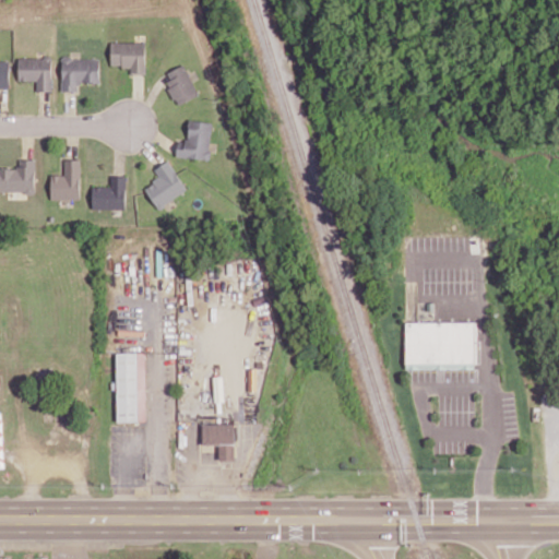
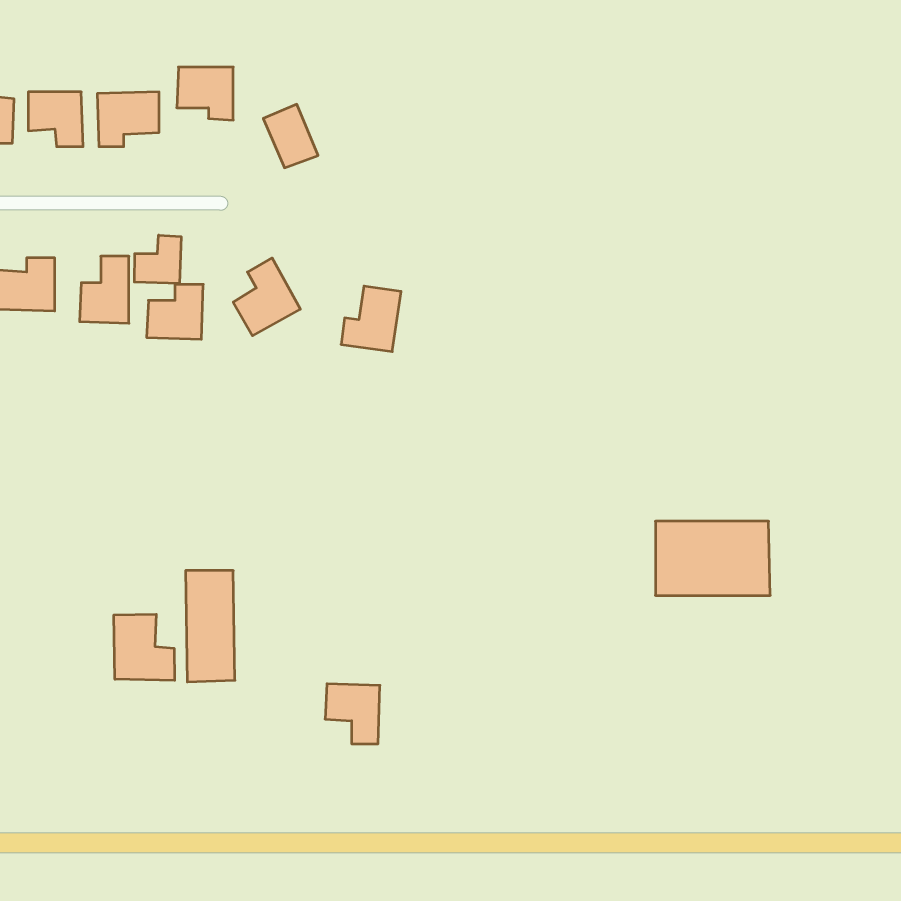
building: [175,120,212,160] -> [341,286,401,352]
building: none -> [134,235,181,284]
building: none -> [114,614,175,680]

